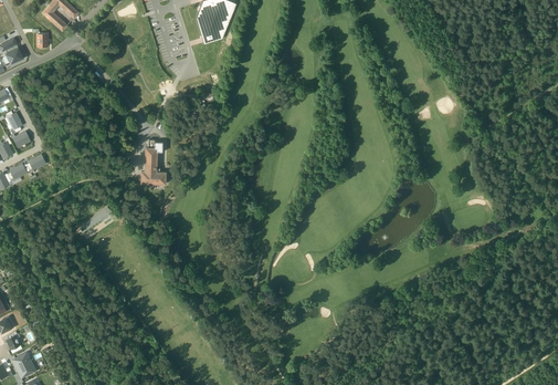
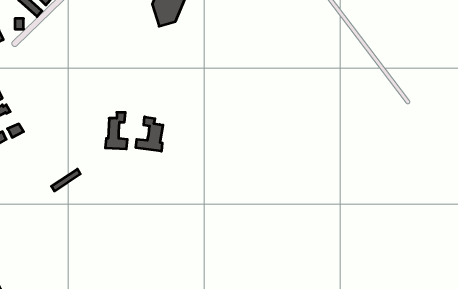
building: none -> [136,117,163,151]

